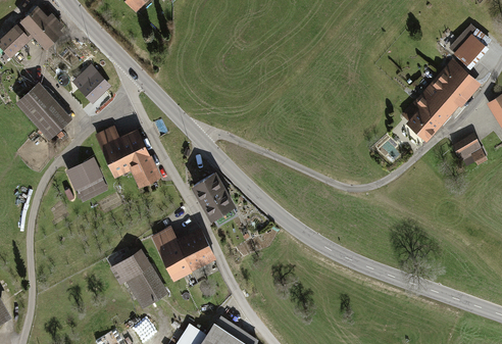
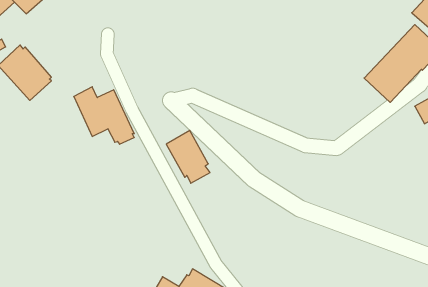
building: [77,67,111,102] -> none
building: [65,157,108,202] -> none
building: [151,227,214,280] -> none
building: [111,250,168,309] -> none

